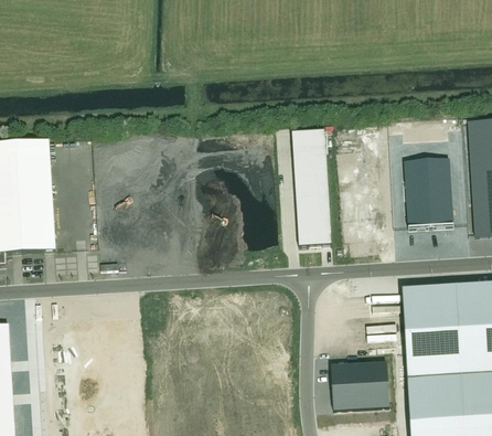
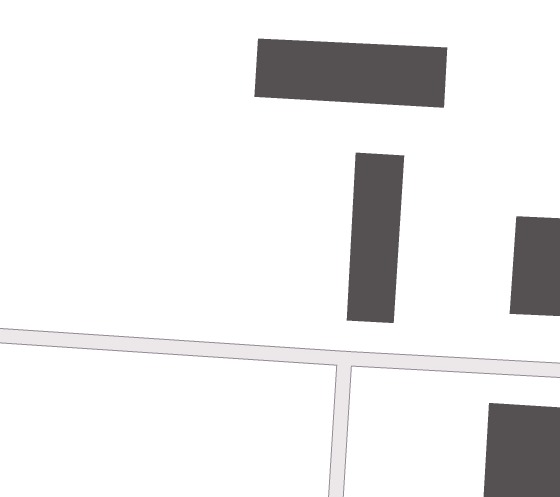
building: none -> [254,38,448,109]

